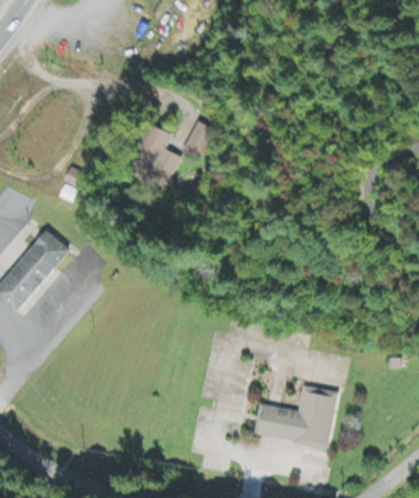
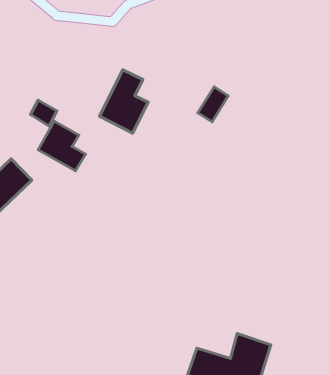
building: [181,122,210,158] -> [198,87,228,122]
building: none -> [38,121,85,171]

